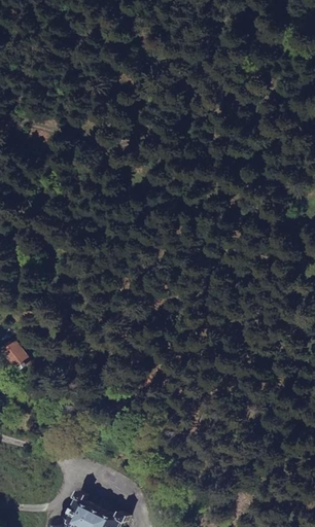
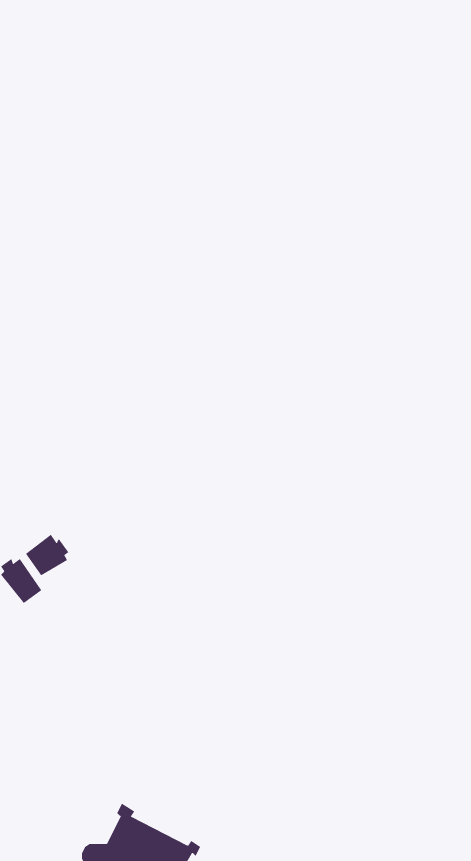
building: none -> [25,534,69,576]

